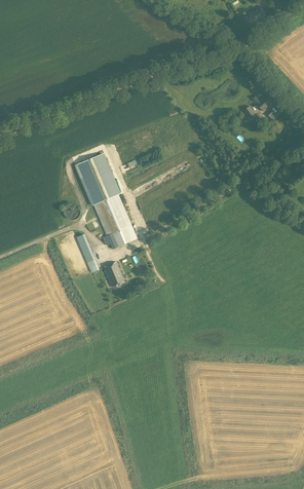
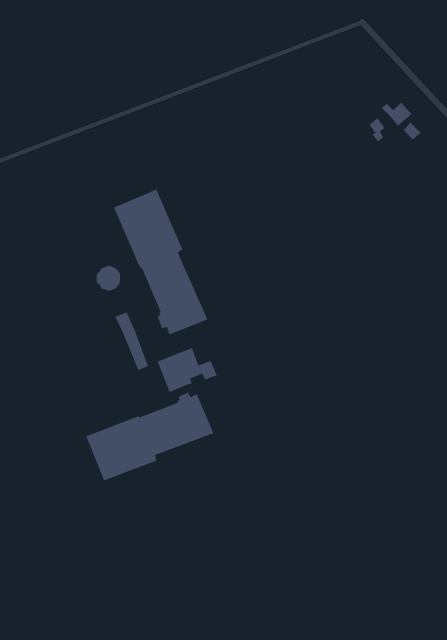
building: none -> [86,392,214,481]

